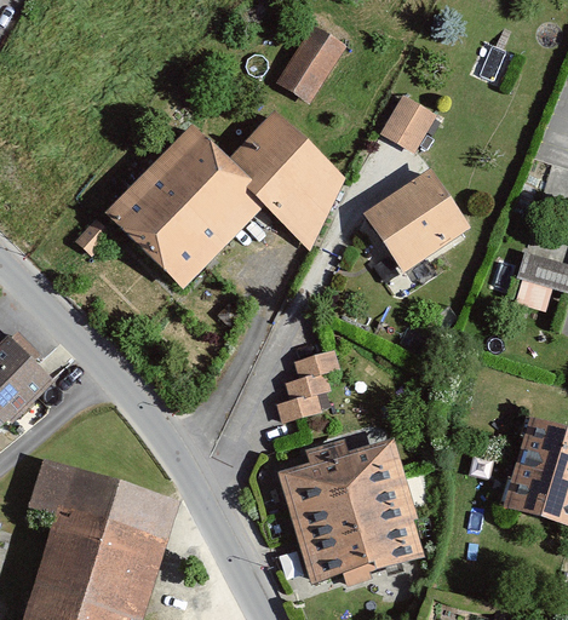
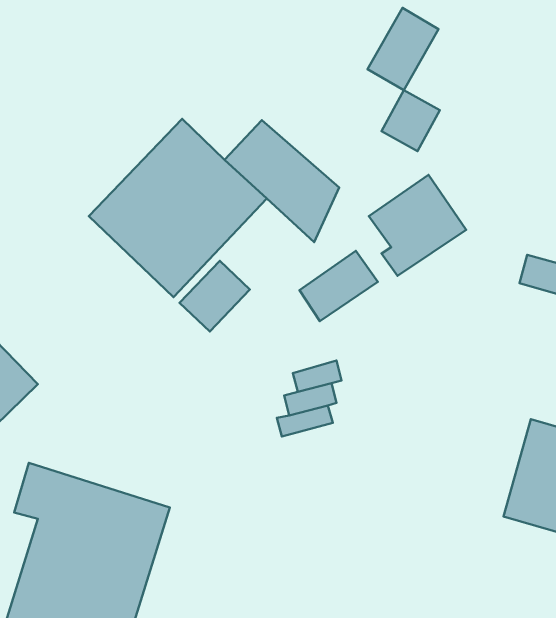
building: [281,22,350,102] -> [368,8,439,90]
building: none -> [299,251,378,321]
building: none -> [179,261,250,332]
building: [276,436,415,589] -> none

